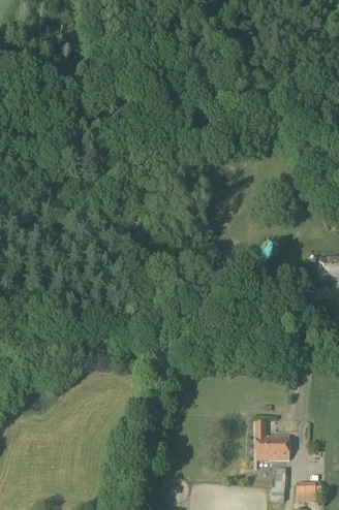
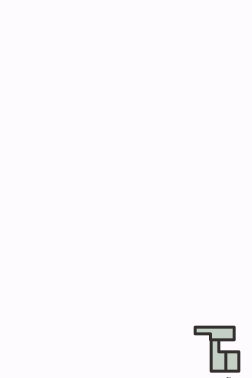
building: none -> [195,327,234,340]

